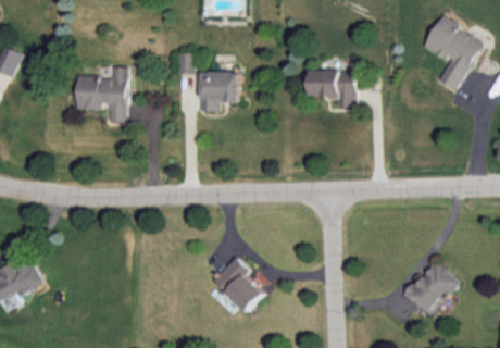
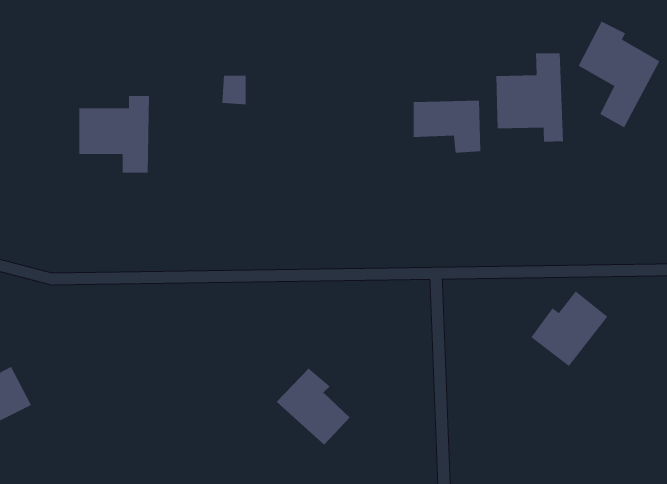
building: none -> [496,52,564,142]
building: [200,72,239,111] -> none
building: [403,262,458,315] -> [530,290,608,367]

